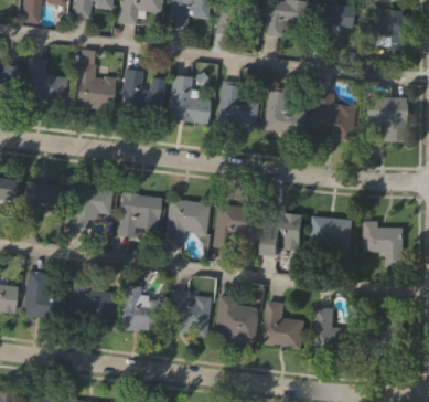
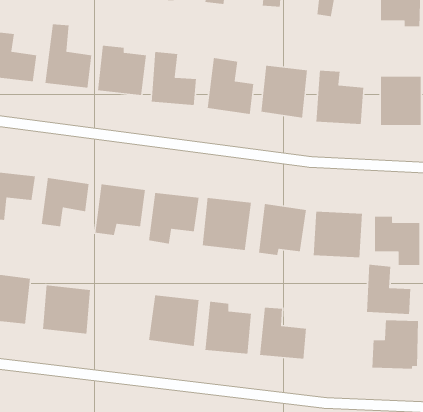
building: [121,285,161,332] -> none
building: [313,307,353,352] -> [366,264,411,315]

